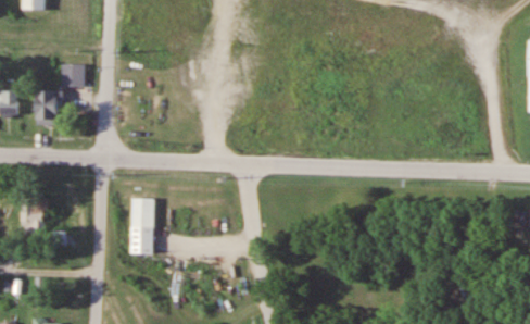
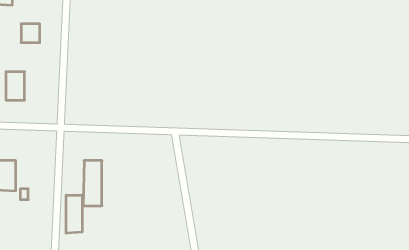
building: [60,65,83,88] -> [21,24,40,43]
building: none -> [66,195,82,233]

